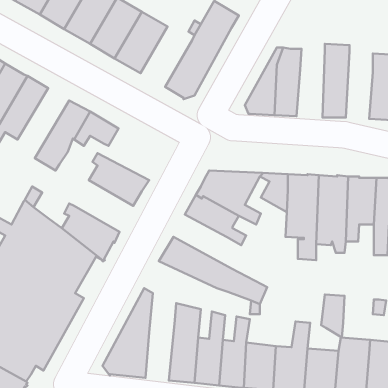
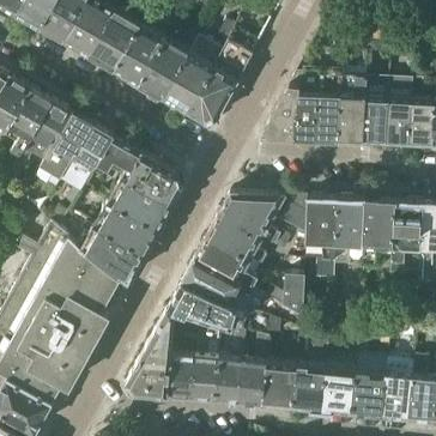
building: none -> [163,54,213,113]
building: none -> [315,75,343,143]
building: none -> [363,78,389,144]
building: none -> [43,114,93,182]
building: none -> [121,153,181,204]
building: none -> [98,201,157,254]
building: none -> [195,237,258,290]
building: none -> [166,283,248,334]
building: [321,295,344,338] -> [281,275,304,317]
building: none -> [168,339,196,399]

